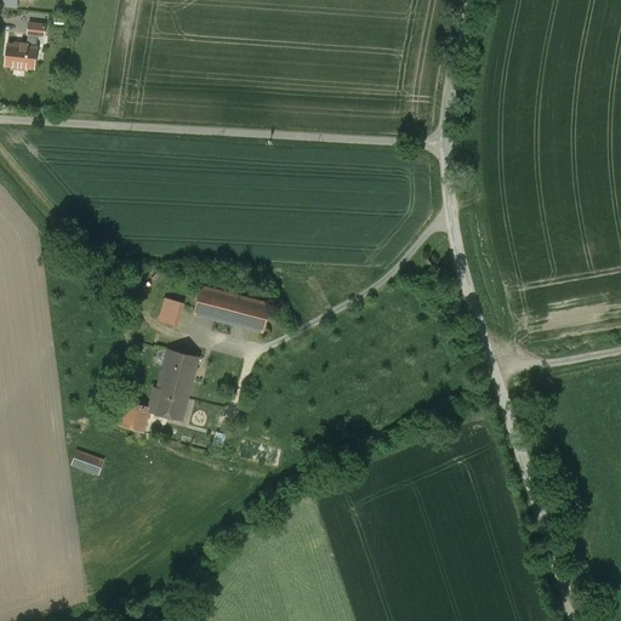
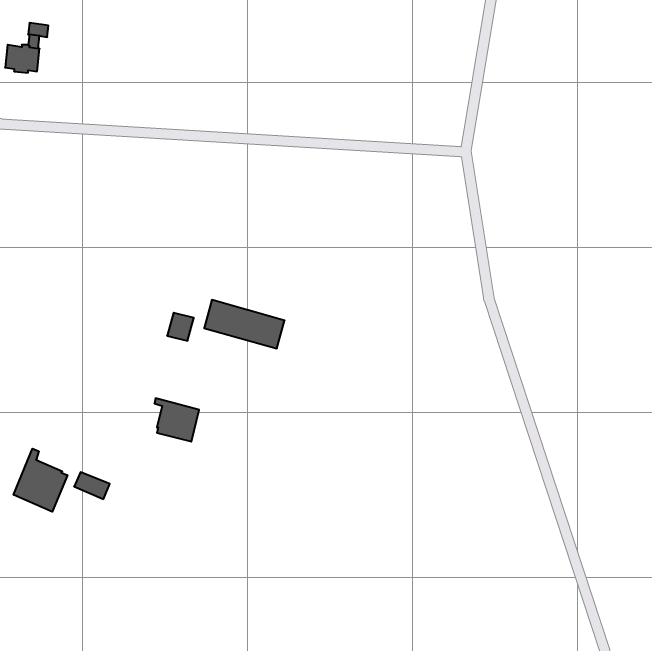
building: [148,344,199,389] -> none
building: [119,399,150,432] -> none
building: none -> [14,449,67,512]

